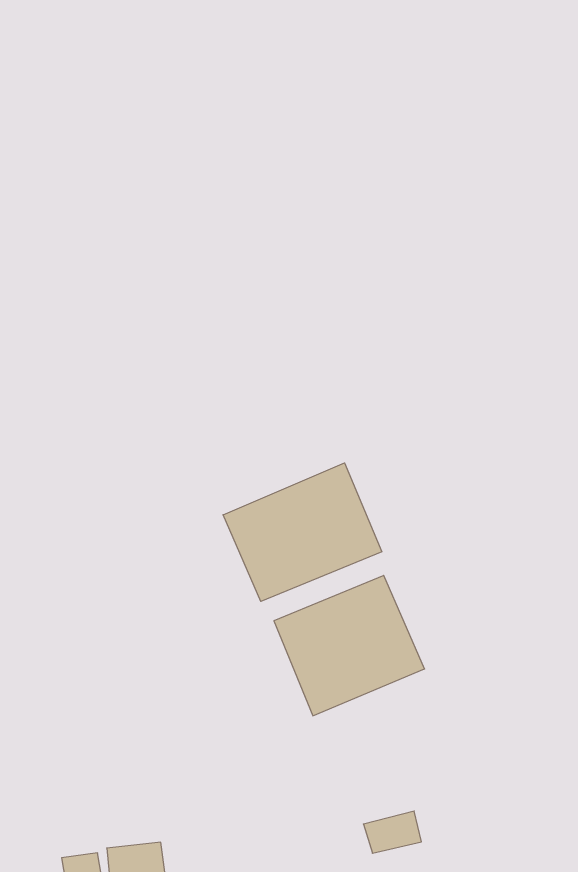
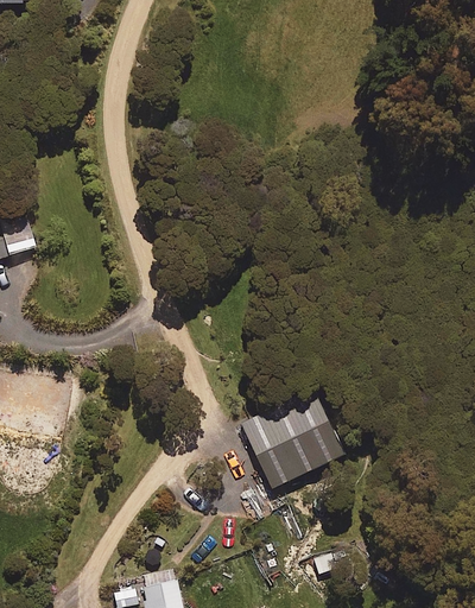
building: [223,463,382,601] -> none

